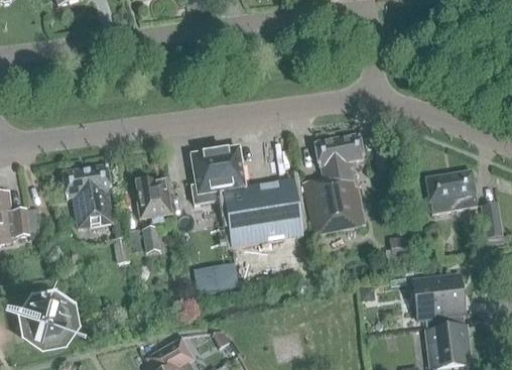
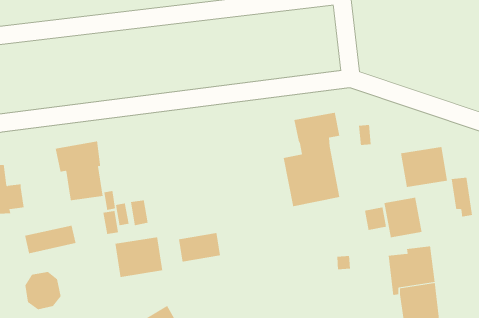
building: [190,148,301,246] -> none
building: [134,177,170,221] -> none
building: none -> [384,197,422,238]
building: none -> [24,225,76,254]
building: none -> [115,236,163,278]

